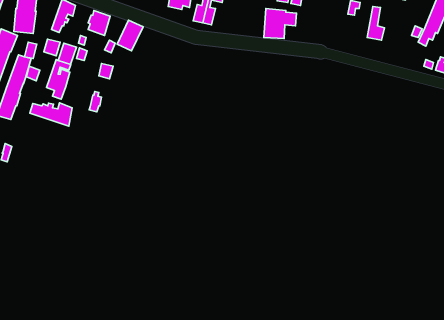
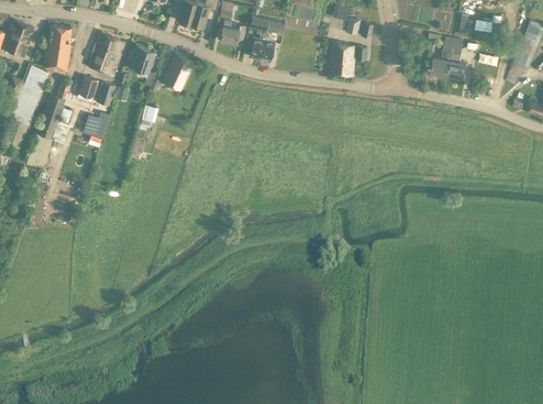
building: none -> [431,36,454,74]
building: none -> [97,37,124,75]
building: [30,103,72,126] -> none

